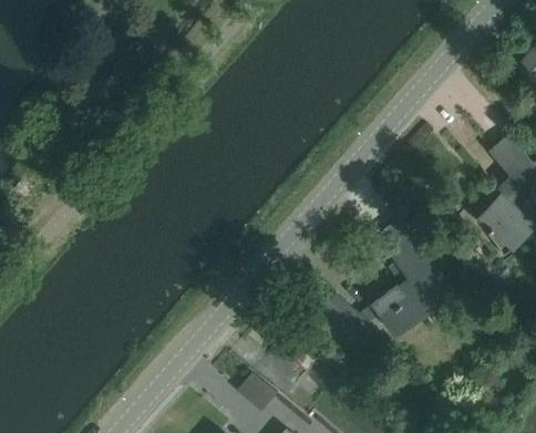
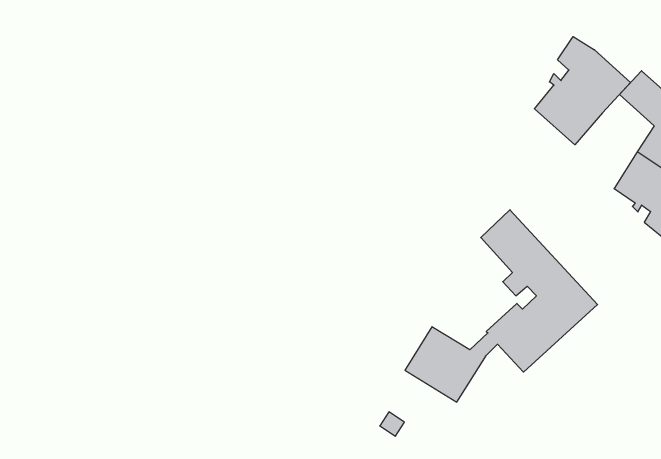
building: none -> [534,37,631,145]

